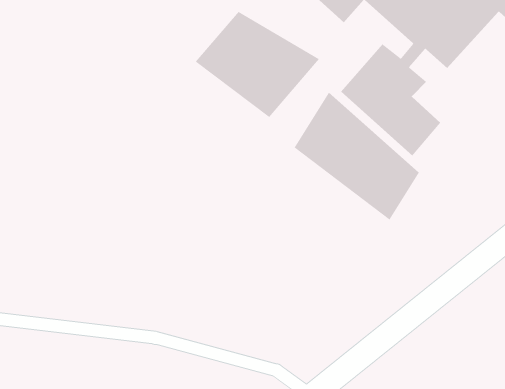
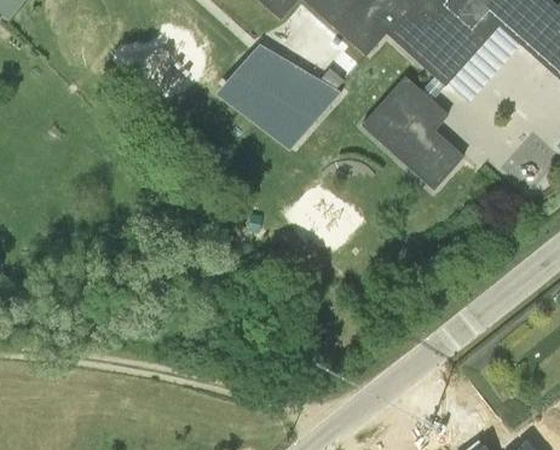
building: [294,92,419,220] -> none

